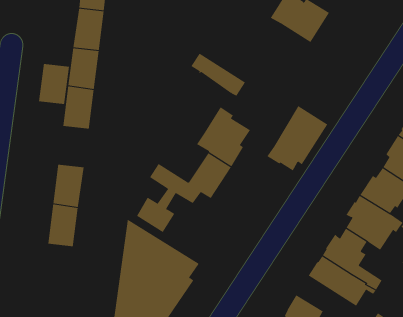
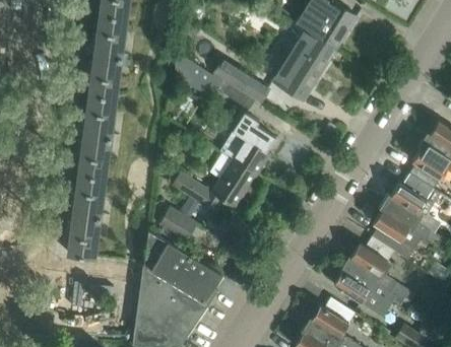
building: none -> [174,55,255,109]
building: [38,64,70,104] -> [78,133,111,175]
building: [266,106,328,171] -> [273,28,336,95]

